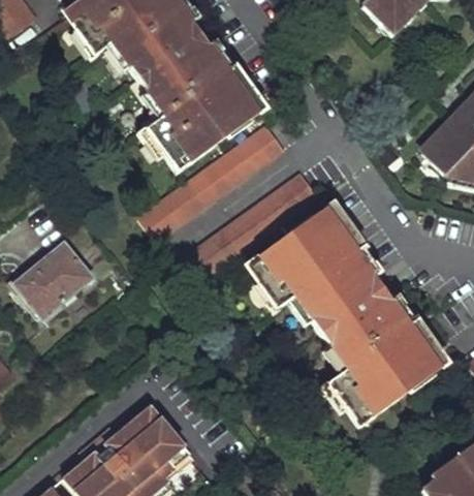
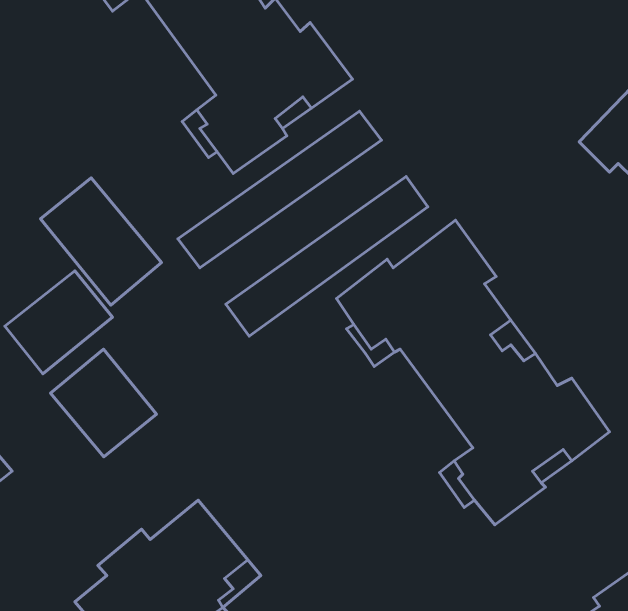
building: none -> [41,178,162,305]
building: none -> [50,349,156,457]

